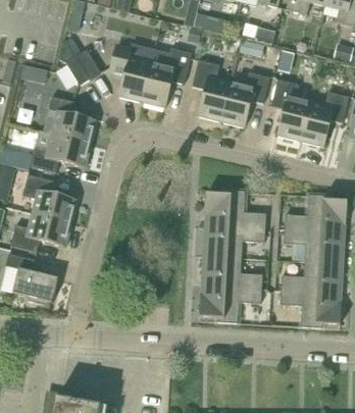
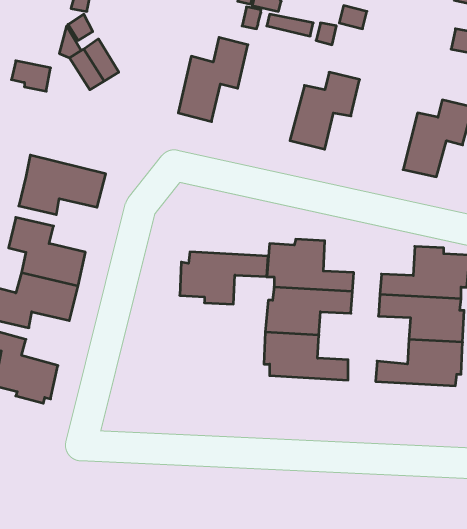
building: [111,42,152,100] -> none
building: [191,59,230,119] -> none
building: [270,79,309,140] -> none
building: [37,95,96,143] -> none
building: [198,285,260,321] -> [180,252,268,304]
building: [278,289,340,326] -> none

